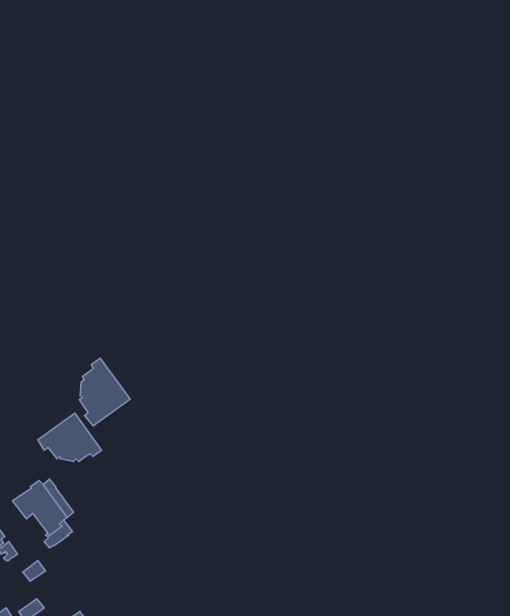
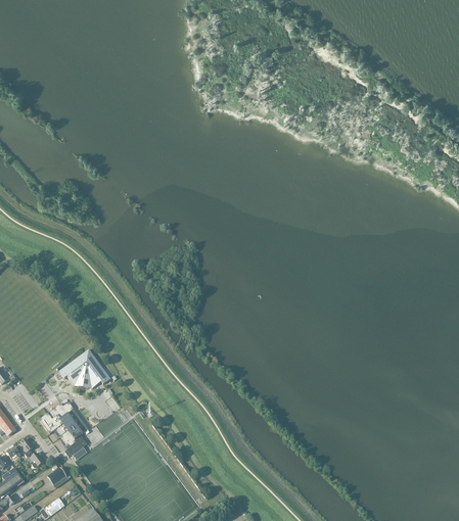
building: [79,358,130,426] -> none

